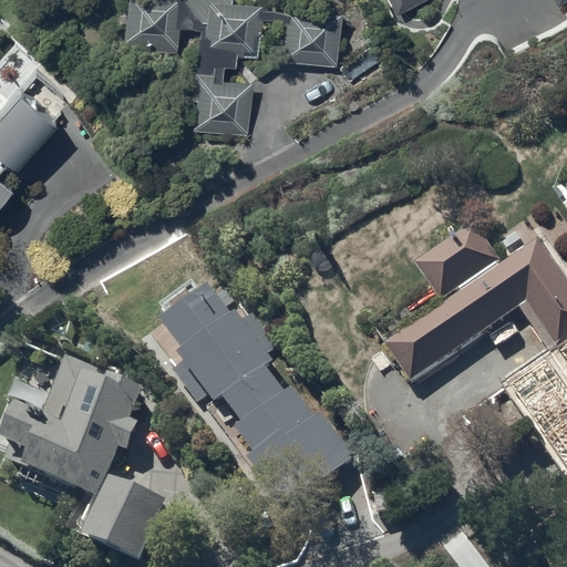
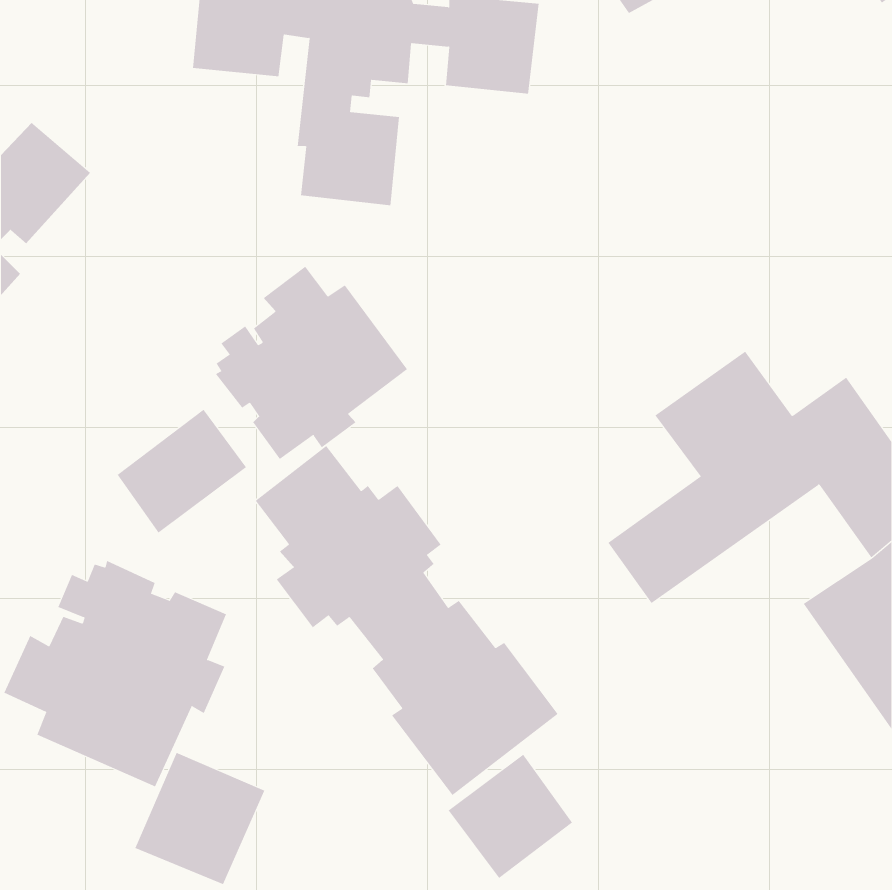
building: none -> [215,266,408,460]
building: none -> [117,409,247,534]
building: none -> [448,754,573,879]

